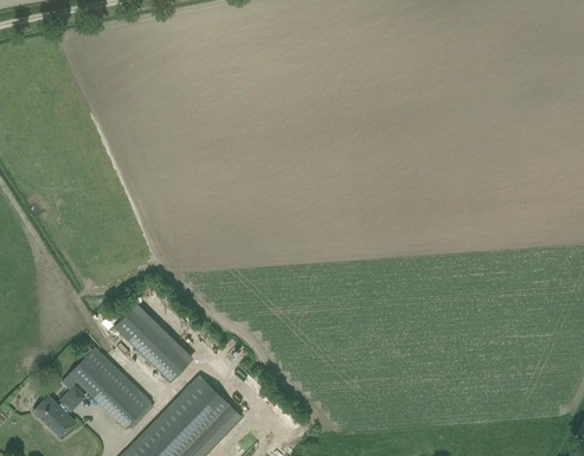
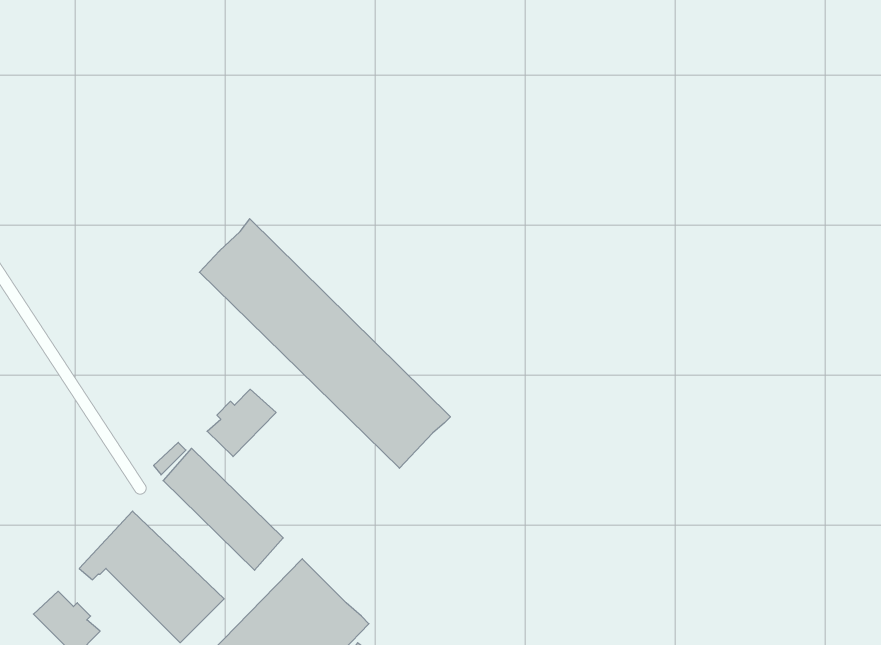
building: none -> [199,219,450,468]
building: none -> [207,389,276,457]

